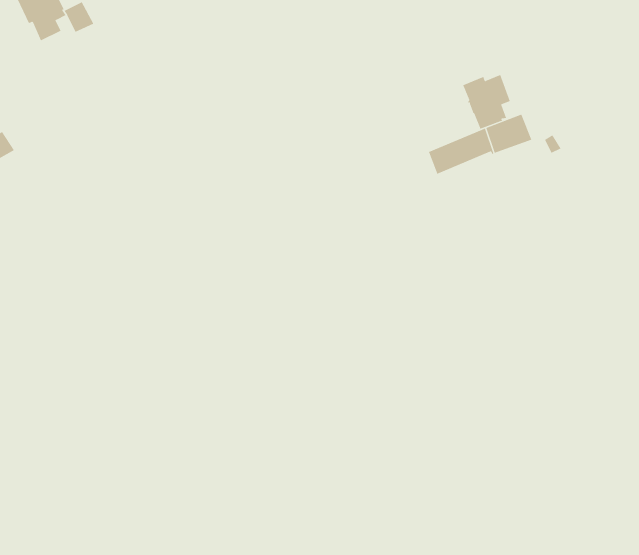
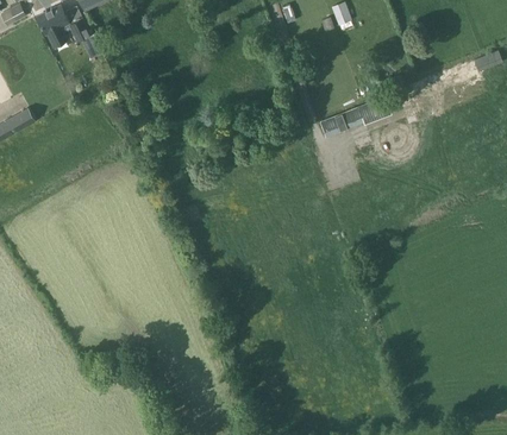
building: [462,74,511,129] -> none

